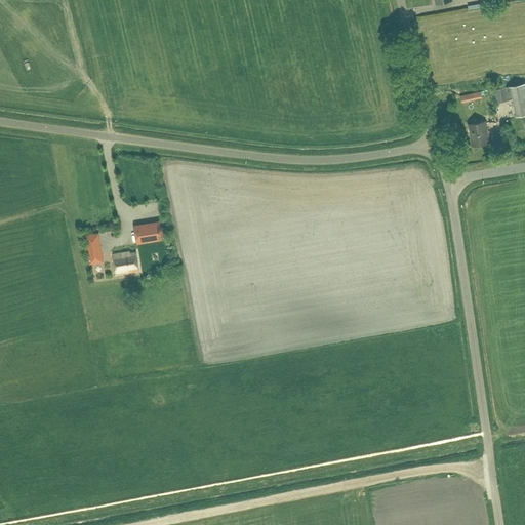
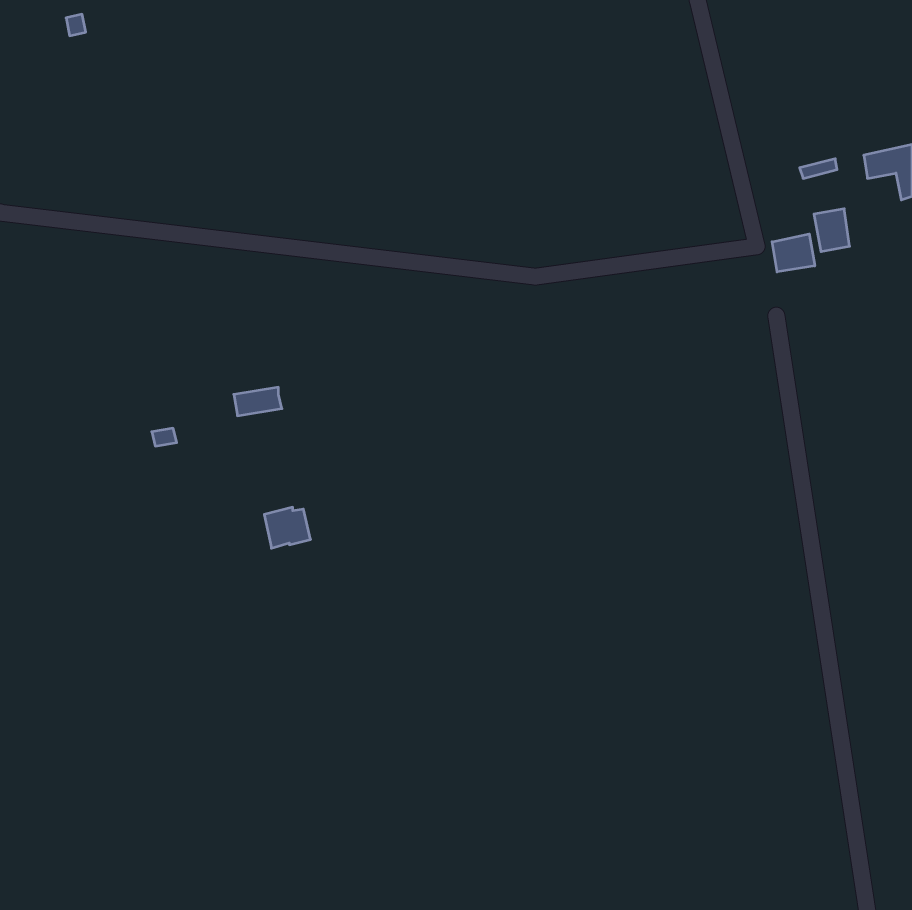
building: none -> [772,234,815,272]
building: [113,251,139,275] -> [264,507,311,548]

